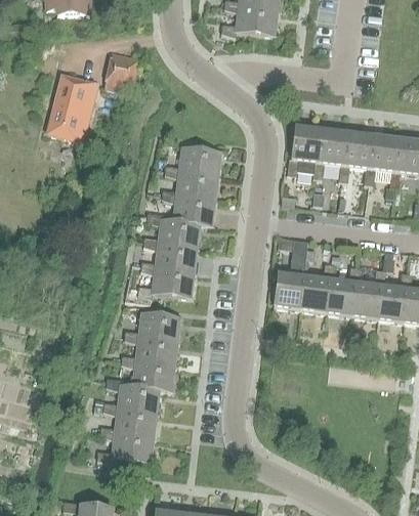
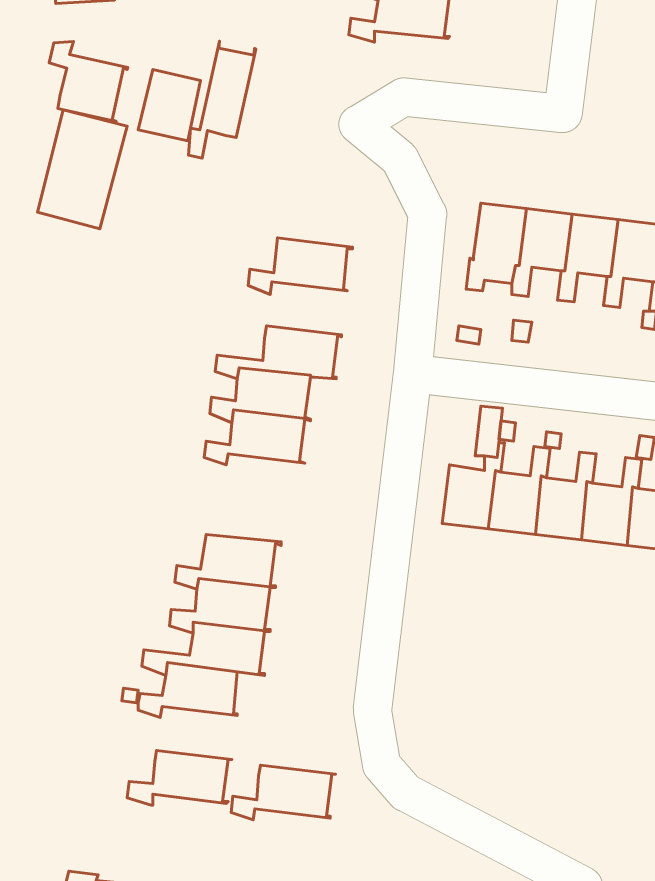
building: none -> [189,41,256,158]
building: none -> [49,41,128,122]
building: [162,170,220,202] -> none
building: [137,266,197,297] -> none
building: [100,407,159,438] -> [231,765,336,820]

